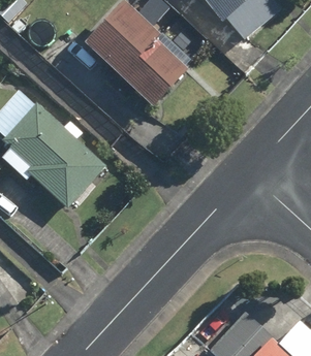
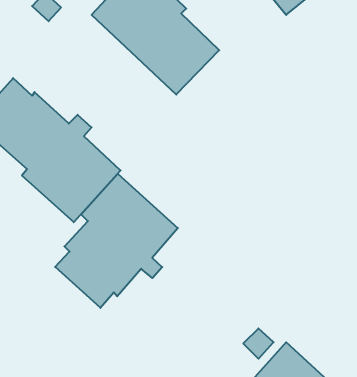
building: none -> [55,174,178,308]

